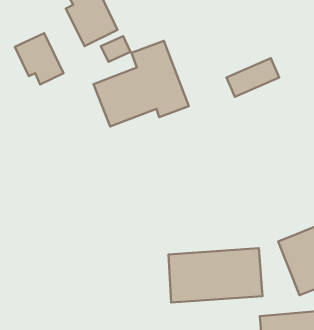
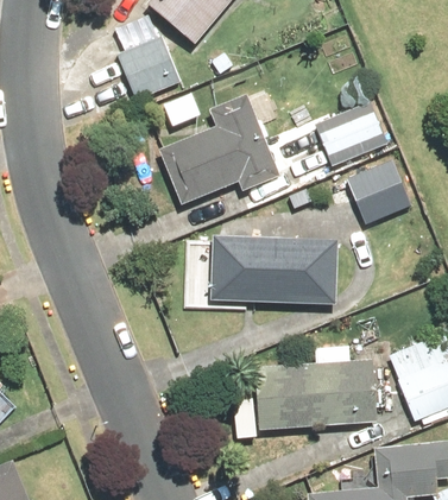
building: [15,33,63,84] -> none
building: none -> [352,154,418,223]
building: none -> [208,238,335,304]

